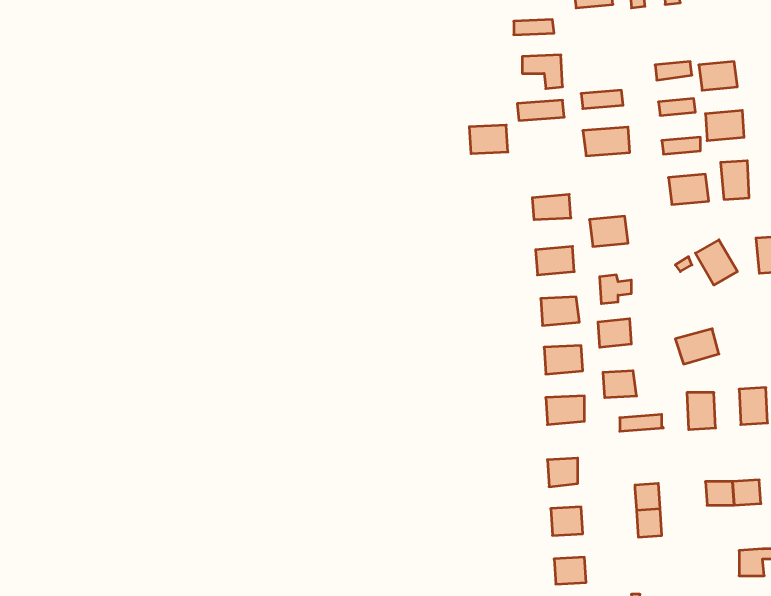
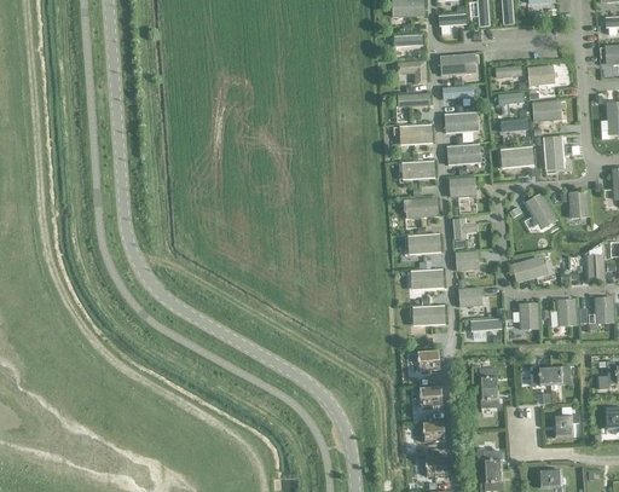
building: none -> [439,53,472,75]
building: [469,125,508,154] -> [404,125,432,145]
building: none -> [445,144,479,164]

